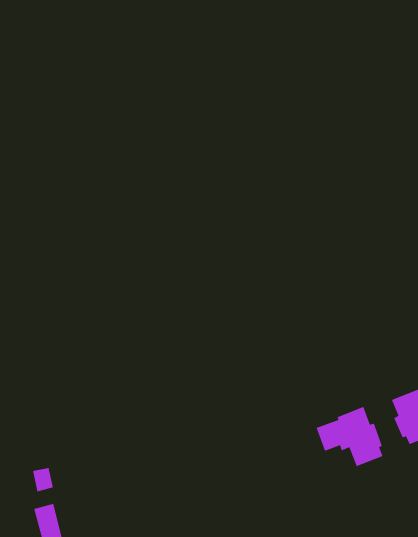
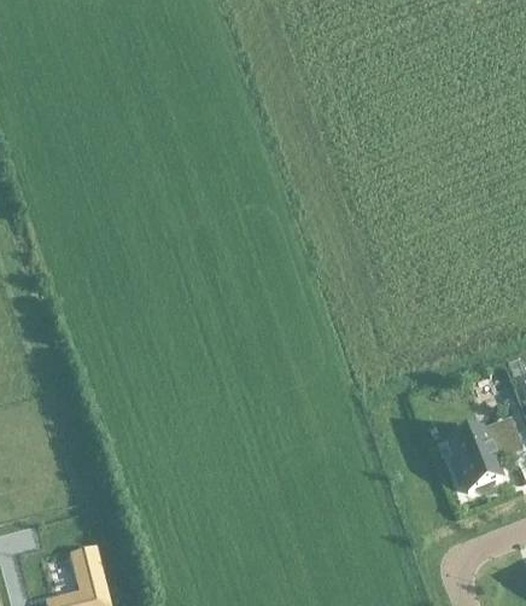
building: [316,406,383,467] -> none

